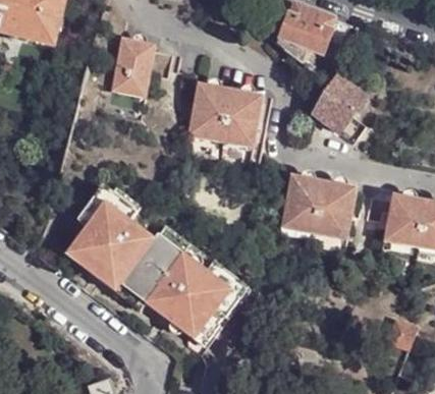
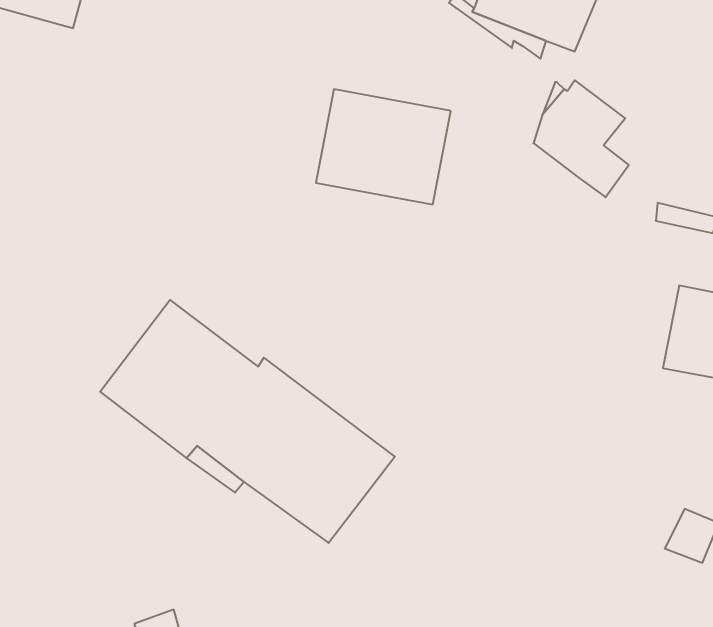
building: [111,37,155,96] -> none
building: [281,173,357,237] -> none

